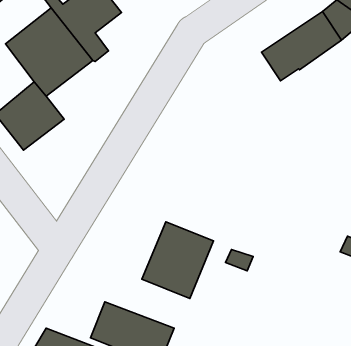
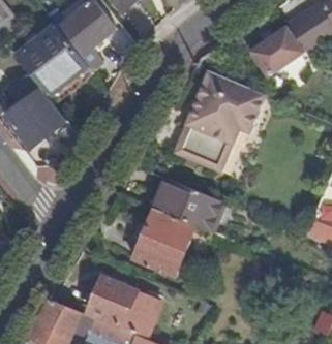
building: none -> [174,71,266,173]
building: none -> [153,179,215,228]

